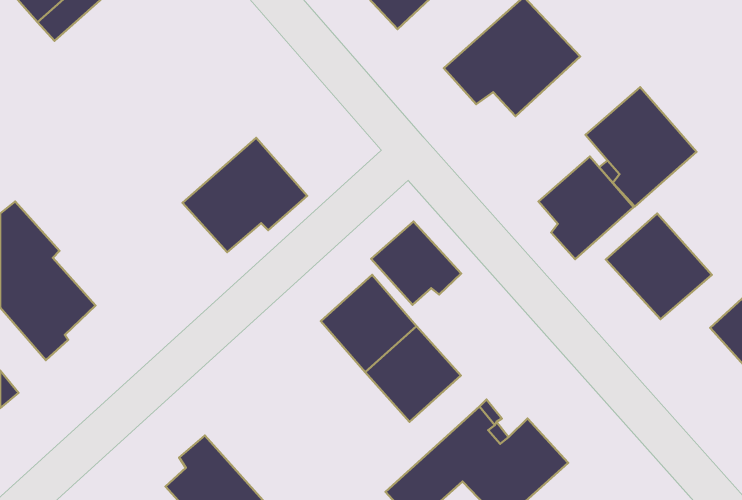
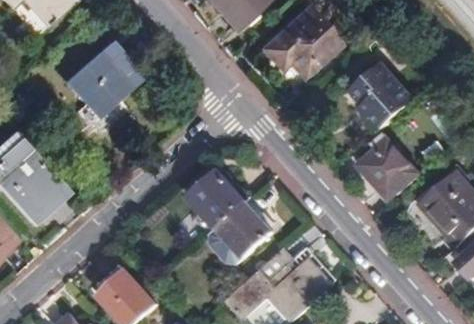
building: [183,138,307,252] -> [66,43,139,110]
building: [539,157,633,259] -> none
building: [371,221,461,305] -> none

